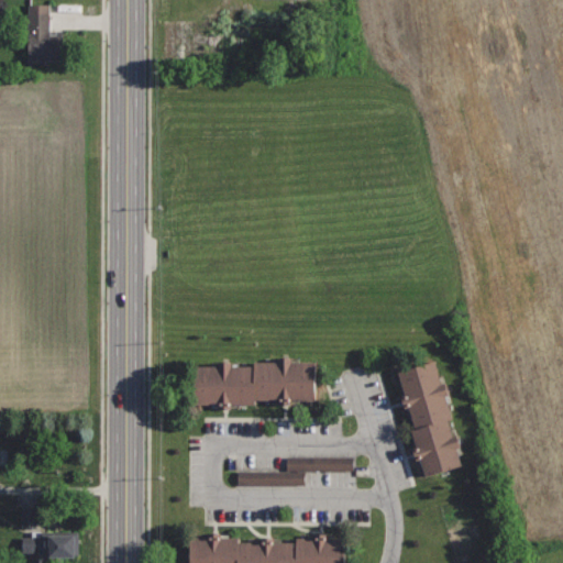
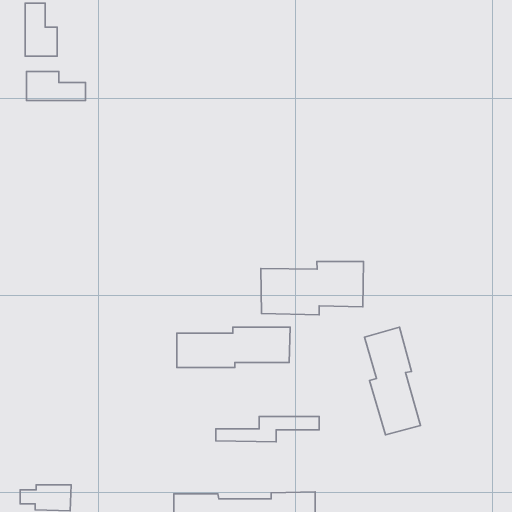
building: none -> [27,72,85,101]
building: none -> [261,262,363,315]

